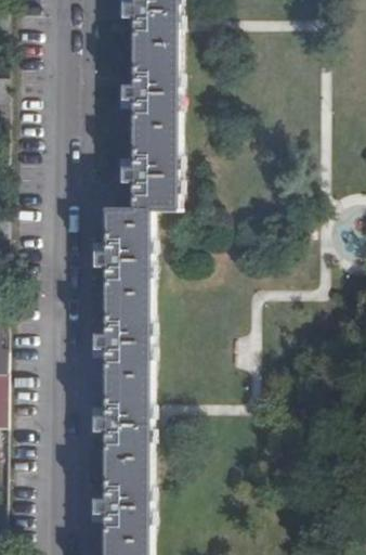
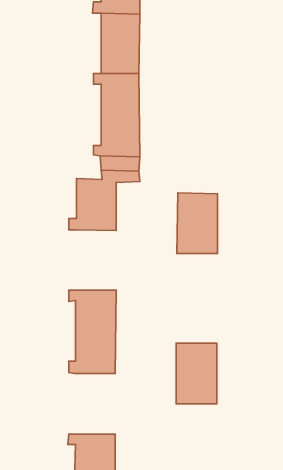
building: [103,267,149,336] -> [177,193,218,254]
building: [102,431,148,501] -> [176,343,217,404]

